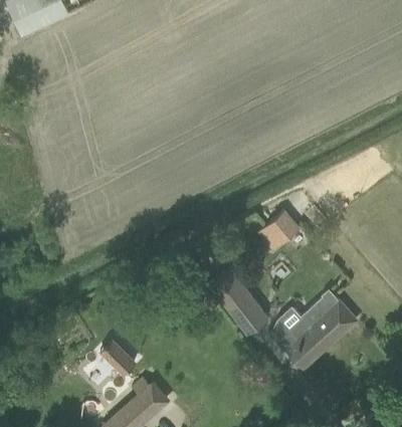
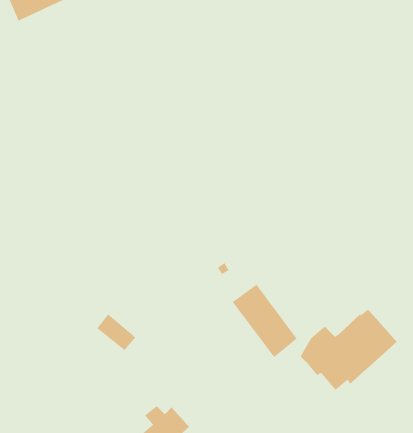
building: [260,209,297,246] -> none
building: [106,341,141,374] -> [96,313,136,351]

